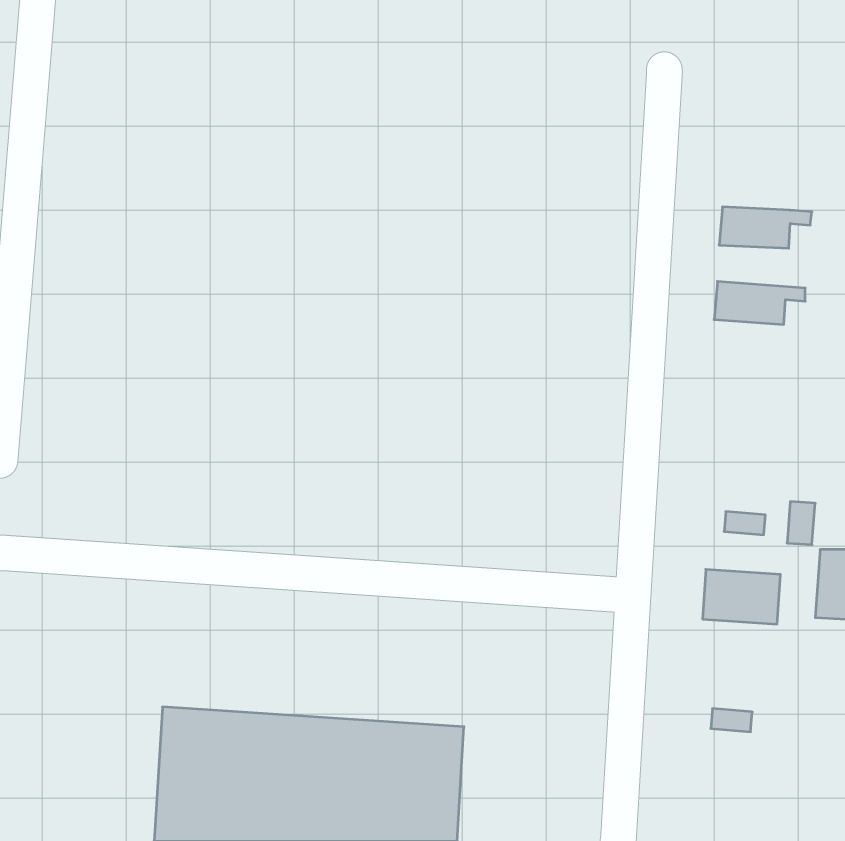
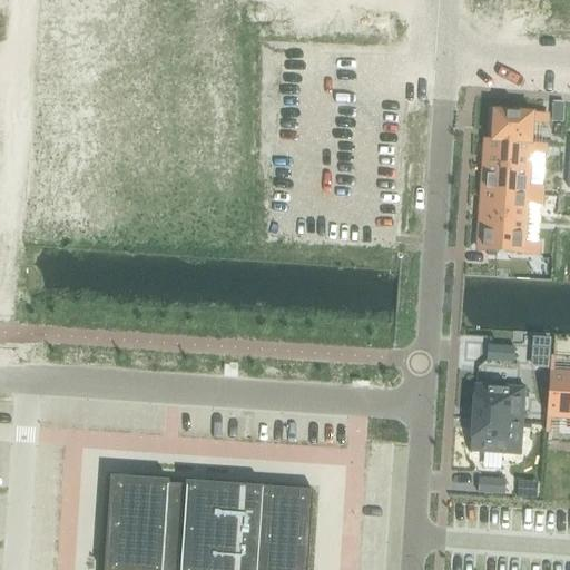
building: none -> [487,109,548,141]
building: none -> [483,165,543,194]
building: none -> [479,215,540,253]
building: none -> [471,416,523,453]

